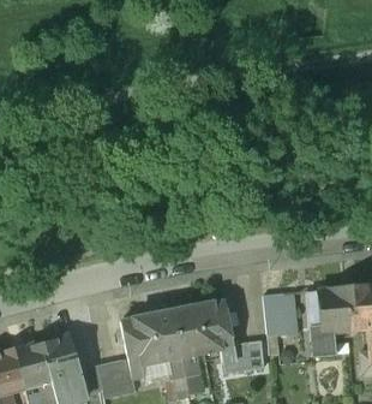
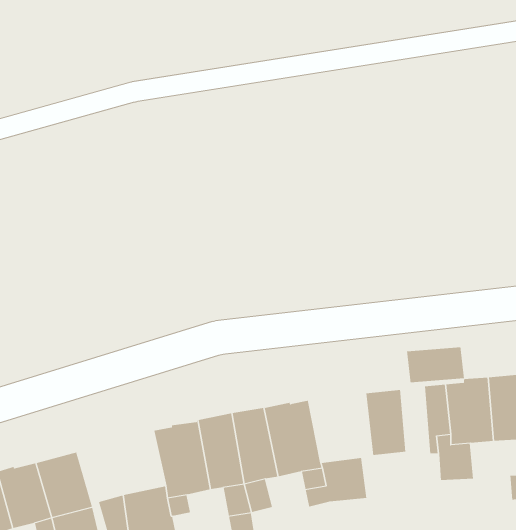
building: none -> [406,346,465,383]

